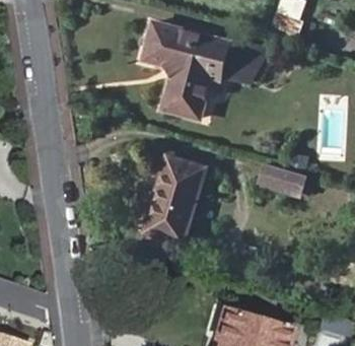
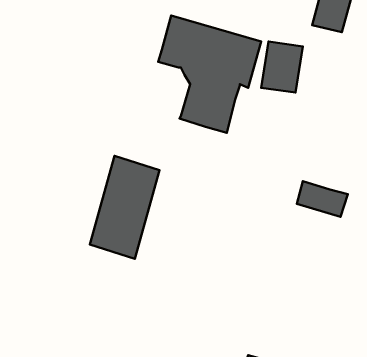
building: [145,152,205,240] -> [90,156,160,259]

